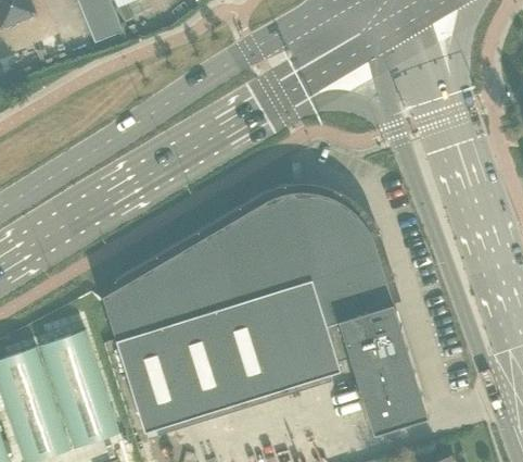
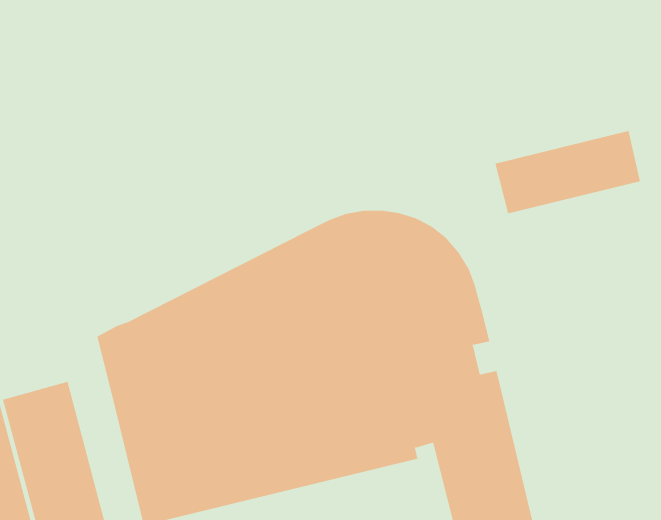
building: none -> [495,130,641,214]

